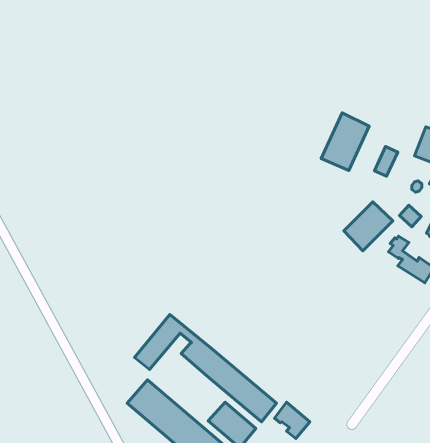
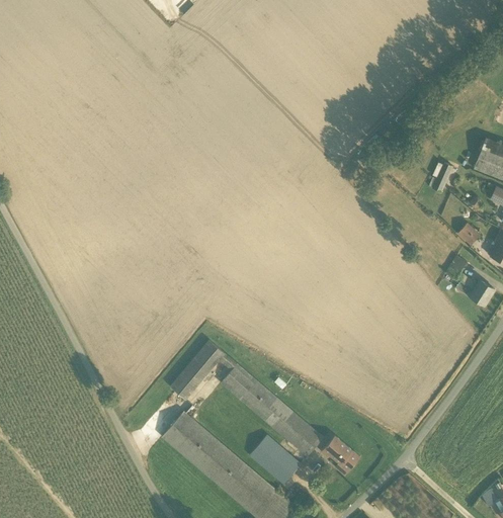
building: [321,113,369,171] -> none
building: [344,202,393,251] -> none

